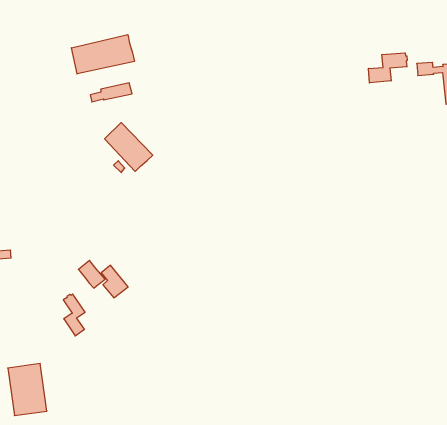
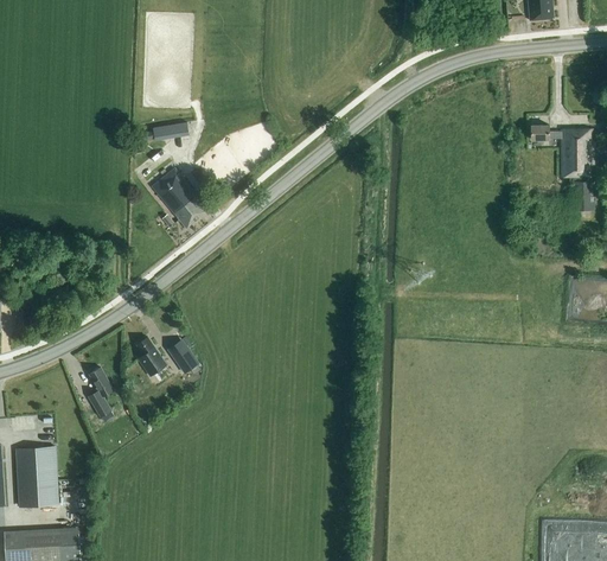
building: [71,35,134,74] -> none
building: [368,53,407,83] -> none
building: [78,260,105,288] -> [167,339,198,372]

